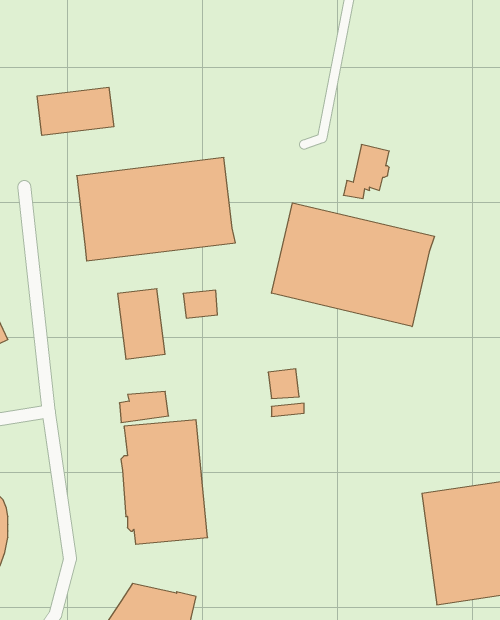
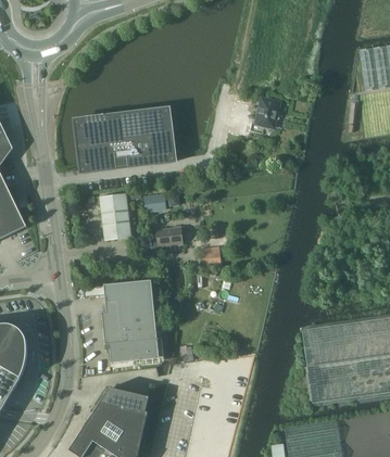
building: [37,87,114,135] -> none
building: [272,203,434,327] -> none
building: [119,391,169,423] -> [150,226,183,246]

